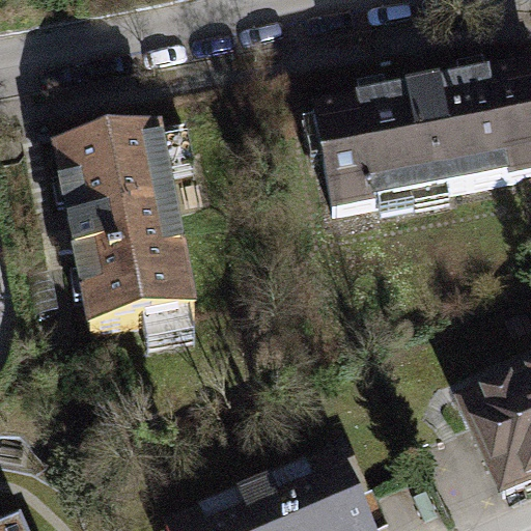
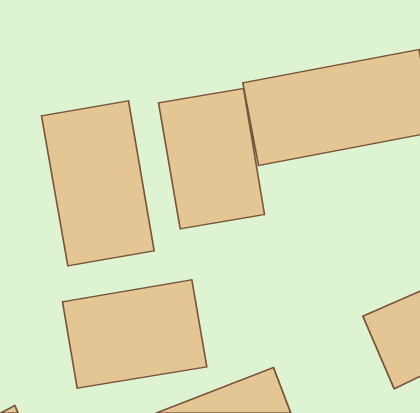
building: none -> [159,88,264,229]
building: none -> [63,280,207,388]

